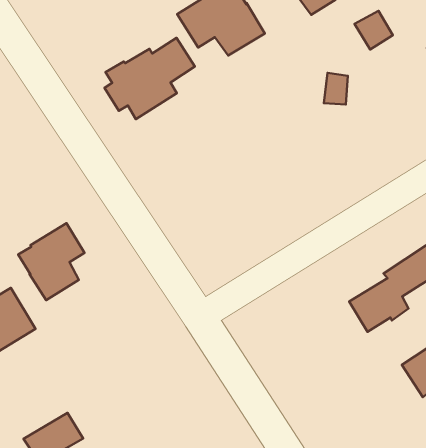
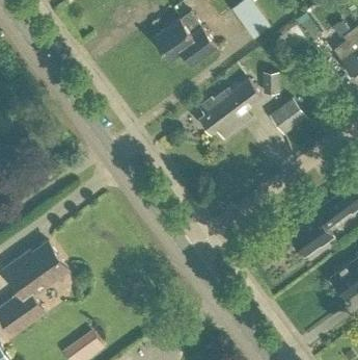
building: [104,38,195,119] -> [199,79,263,139]
building: none -> [269,98,306,135]
building: [18,223,85,300] -> none

